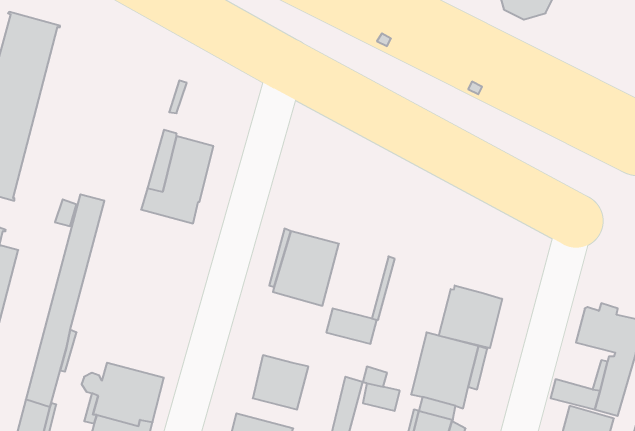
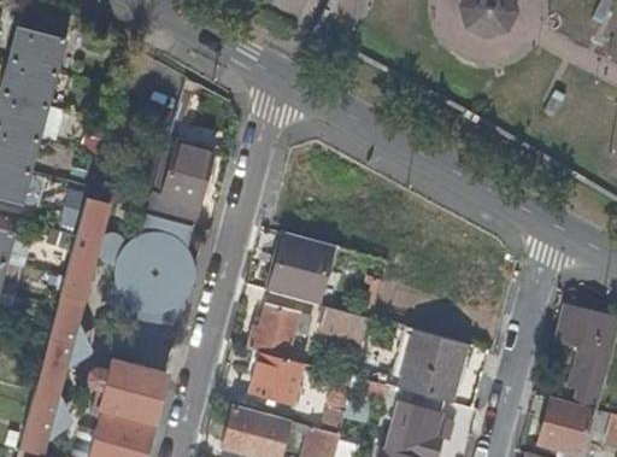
building: none -> [116,215,193,332]
building: [439,285,502,348] -> none
building: none -> [248,304,311,359]

